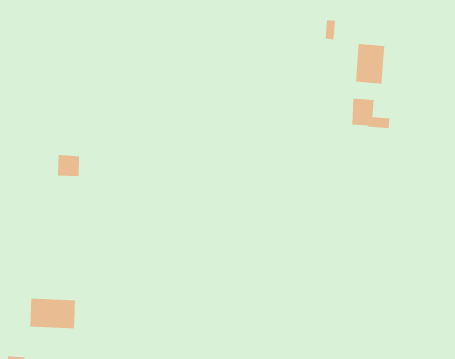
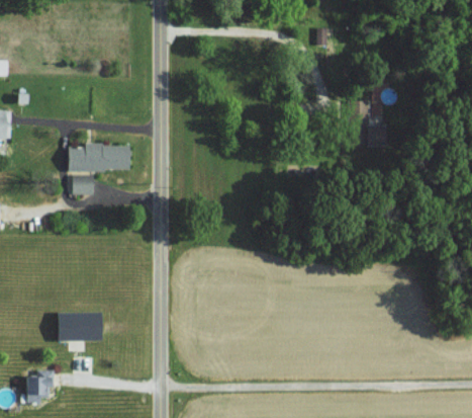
building: [355,43,385,84] -> none
building: none -> [67,145,129,171]

